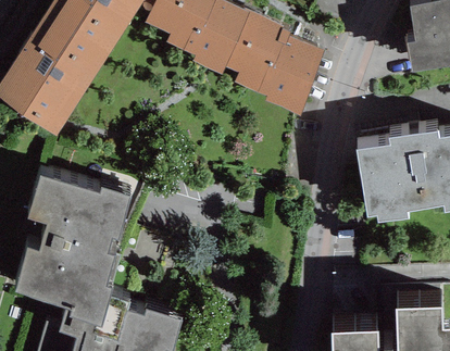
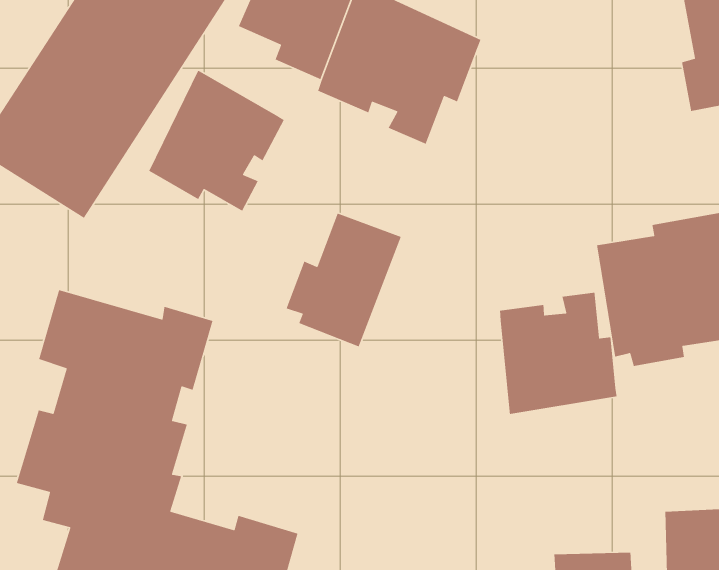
building: [257,34,325,113] -> [285,213,402,348]
building: none -> [148,69,285,212]
building: none -> [499,292,617,415]

